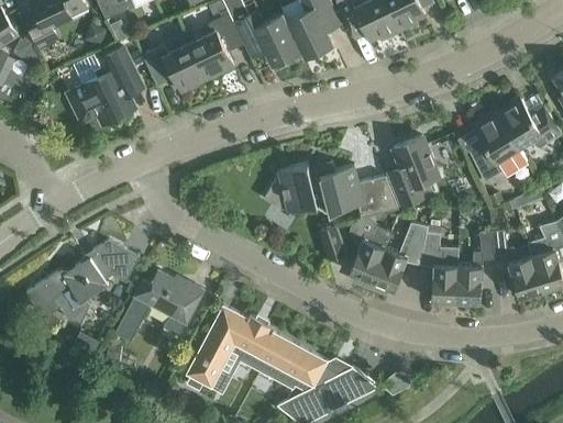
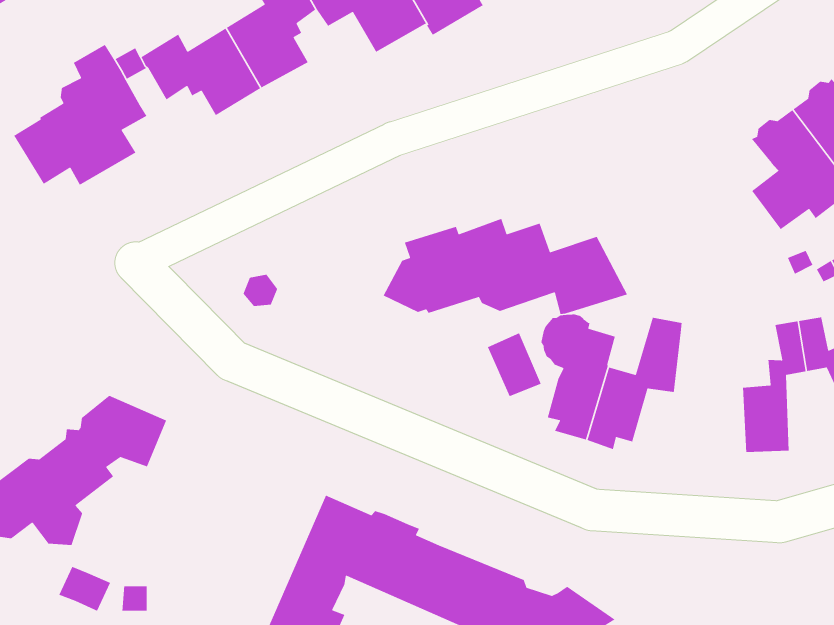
building: [393,137,439,207] -> none
building: [420,233,457,302] -> none
building: [114,271,203,343] -> none

